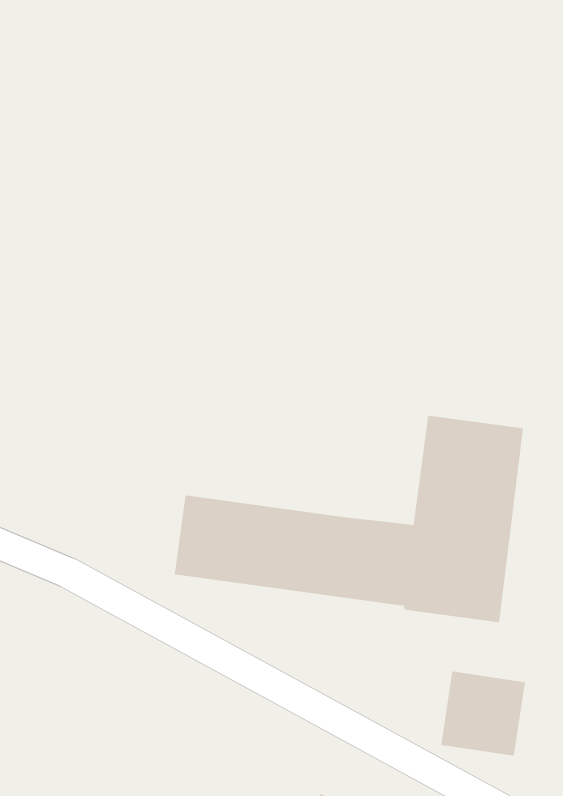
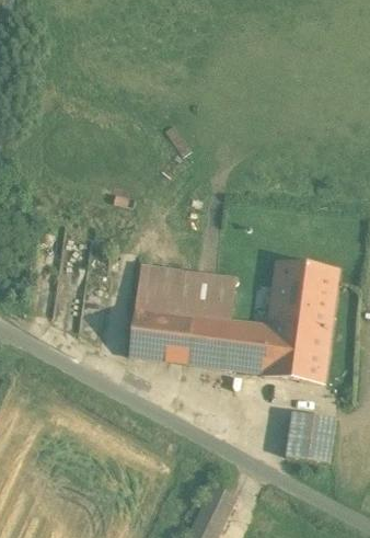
building: none -> [135,264,236,321]

